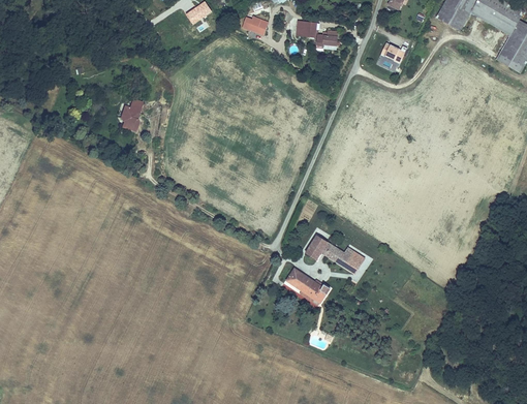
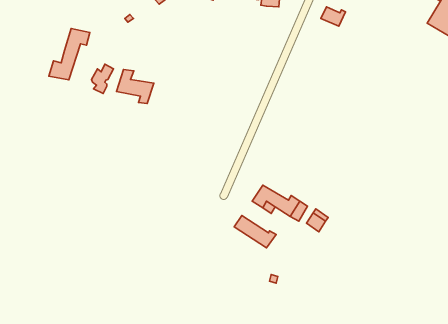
building: none -> [49,28,90,80]
building: none -> [116,69,154,104]

